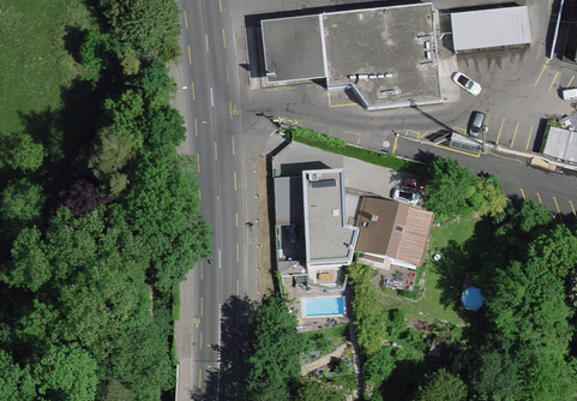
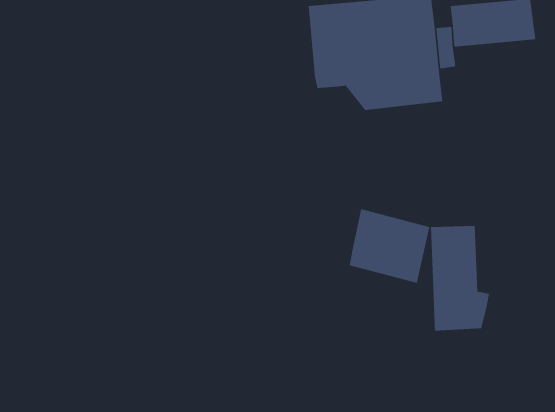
building: [259,11,324,82] -> none
building: [303,175,359,274] -> [430,225,490,331]

